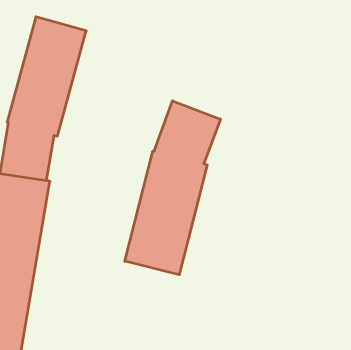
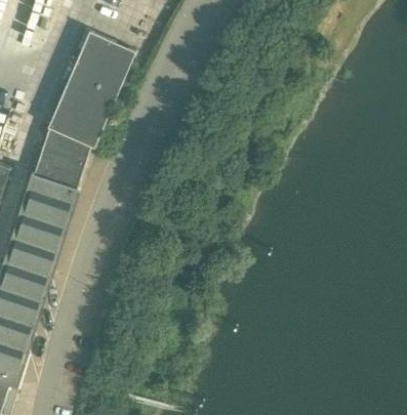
building: [125,101,220,275] -> none

